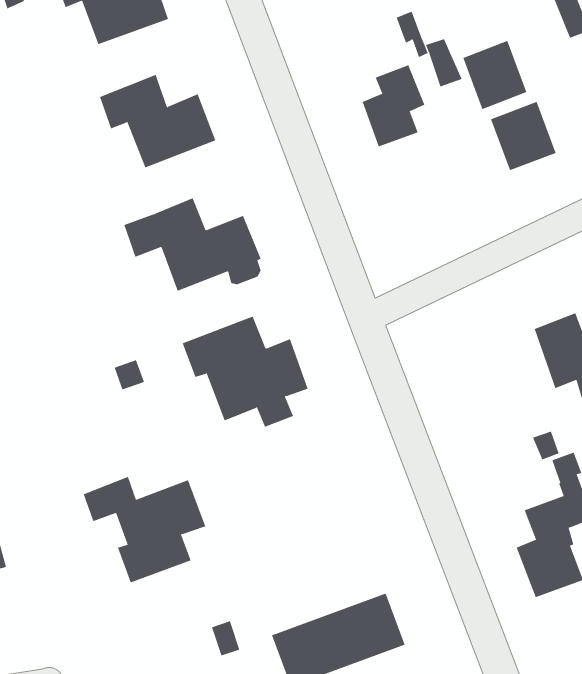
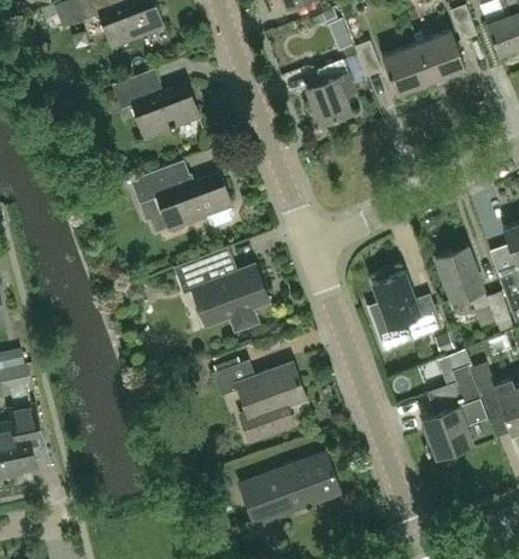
building: [490,101,556,171] -> [415,30,465,82]
building: none -> [366,272,441,339]
building: [83,476,206,583] -> [214,361,306,441]

